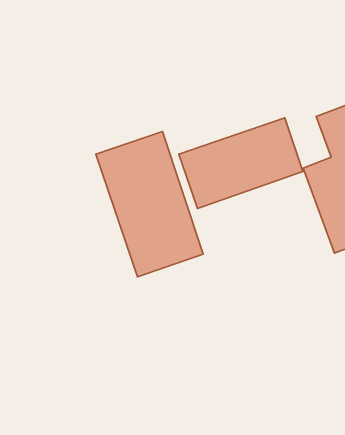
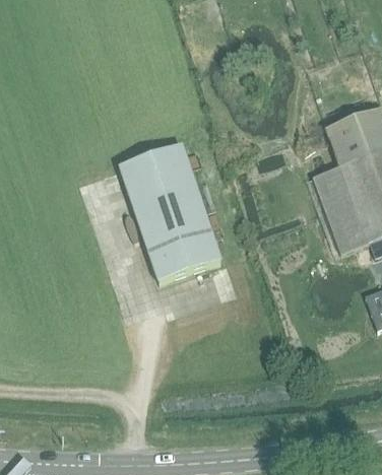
building: [179,118,303,208] -> none

